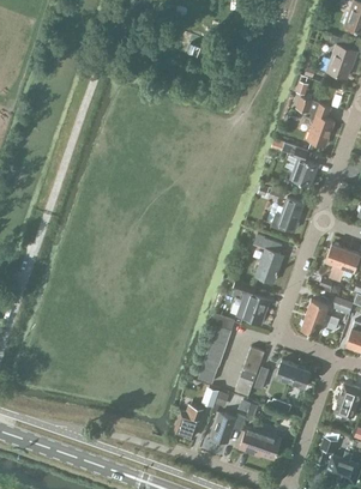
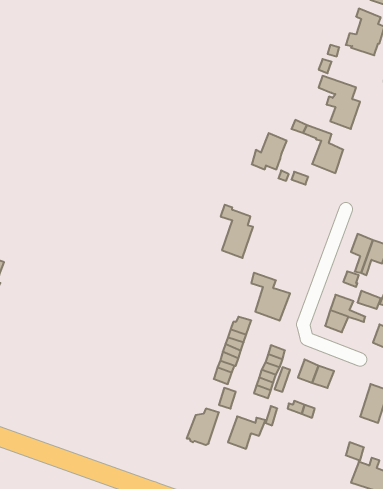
building: [272,197,305,230] -> [252,133,287,169]
building: [254,234,284,283] -> [221,205,253,258]
building: [240,427,282,459] -> none

